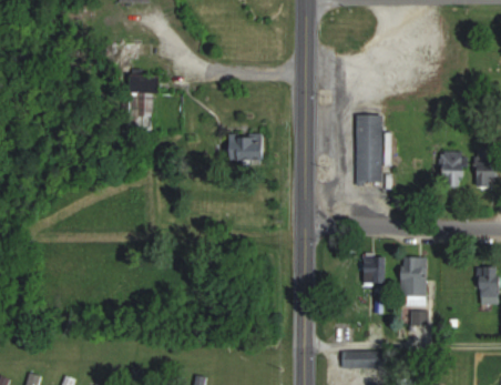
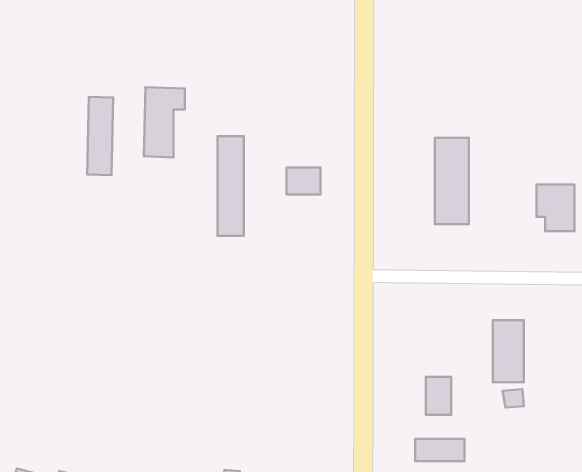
building: none -> [87,97,113,175]
building: none -> [218,136,244,236]
building: [364,254,384,284] -> [426,377,451,415]

